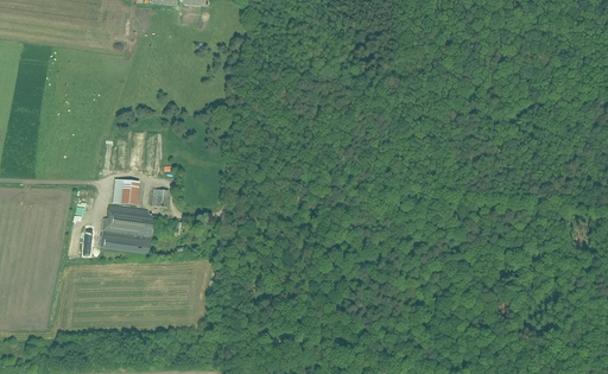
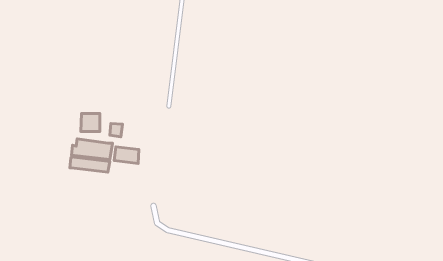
building: none -> [114,147,139,164]

